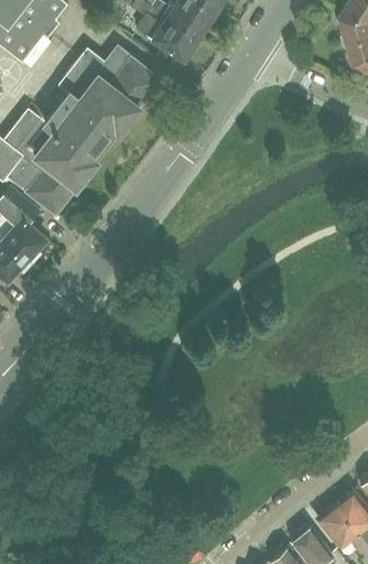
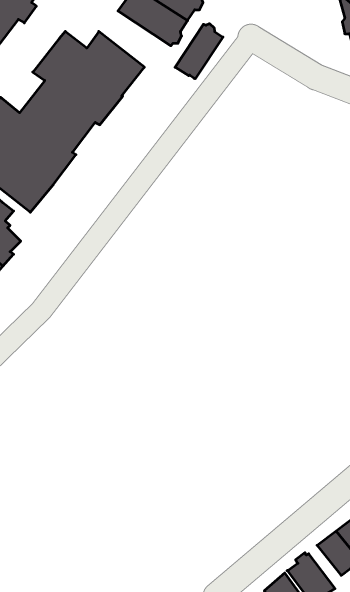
building: none -> [175,24,223,79]

